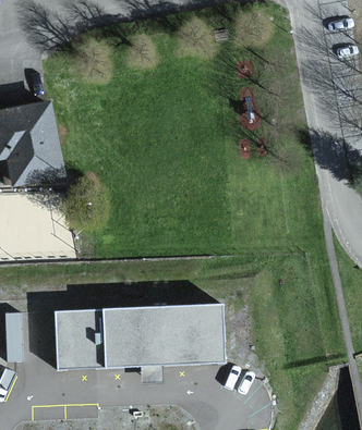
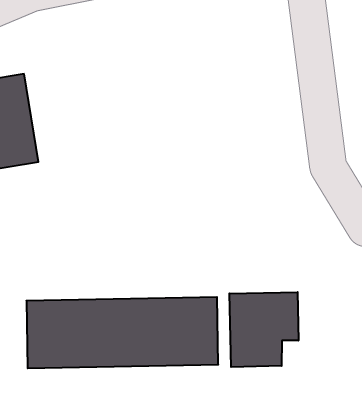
building: none -> [229,292,298,367]

